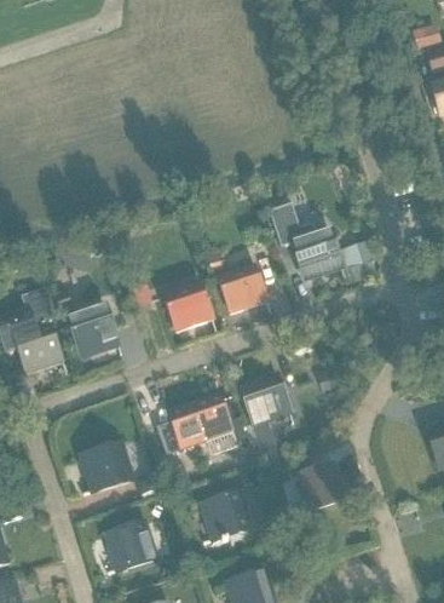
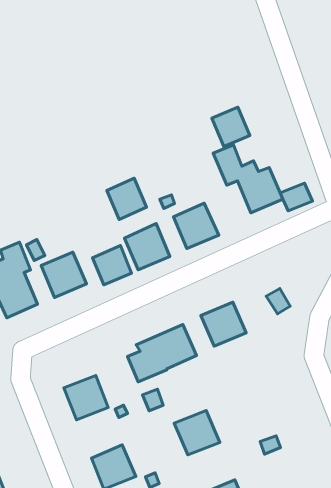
building: none -> [212,107,250,146]
building: none -> [107,178,146,220]
building: none -> [92,246,131,285]
building: [296,463,344,510] -> none

